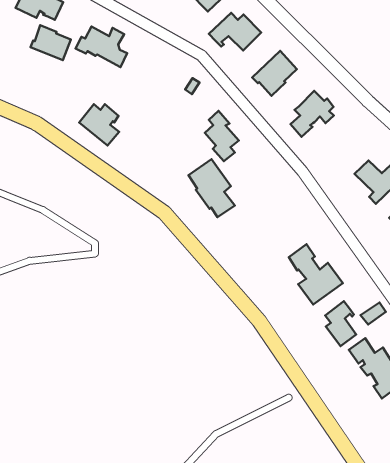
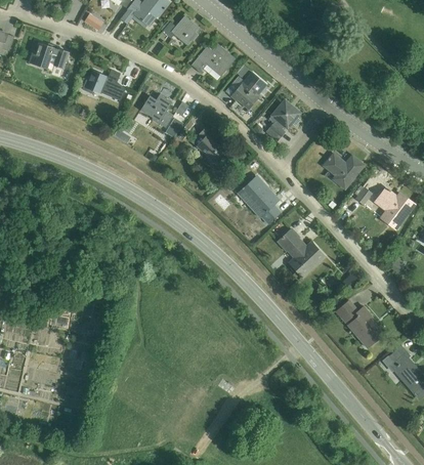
building: [30,25,71,60] -> none
building: [79,104,119,146] -> [139,94,173,128]
building: [189,159,235,217] -> [240,176,281,223]
building: [325,301,356,346] -> none

